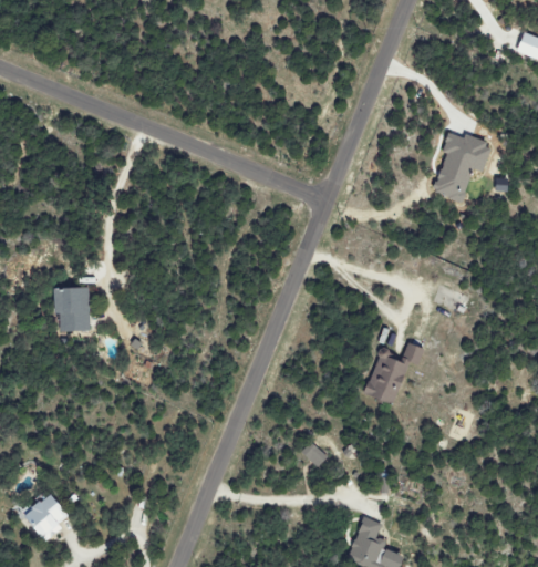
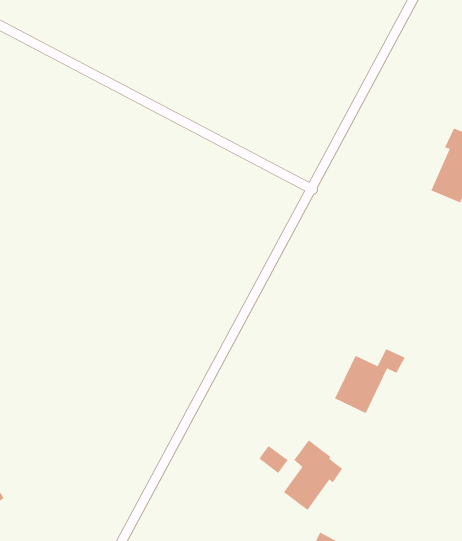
building: [55,288,89,332] -> none
building: none -> [283,439,343,511]

